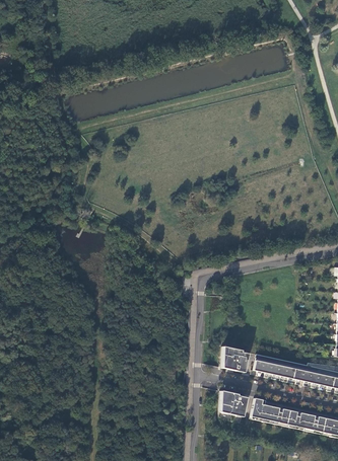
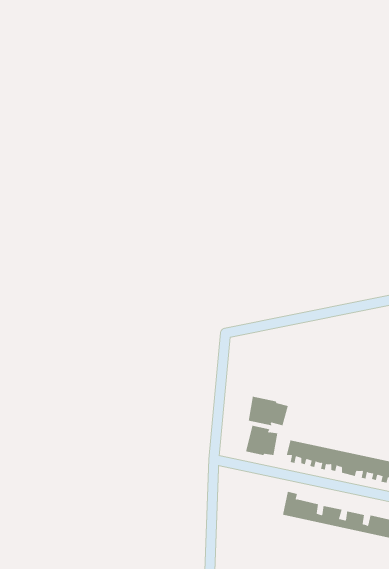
building: none -> [248,396,288,426]
building: [221,390,247,415] -> none

